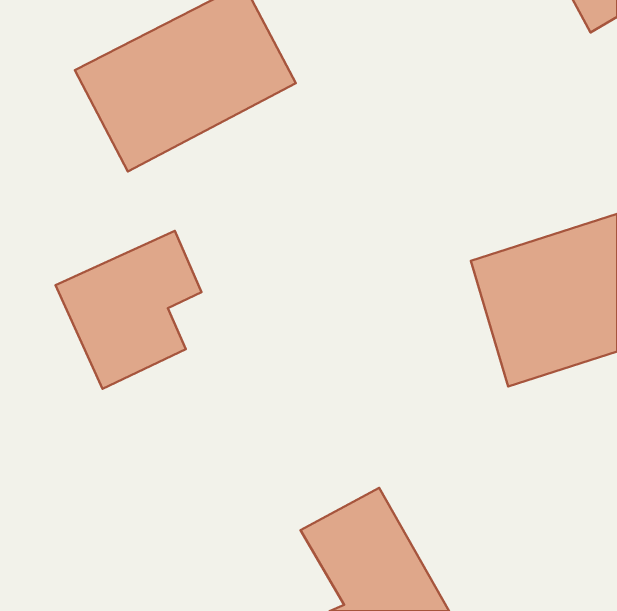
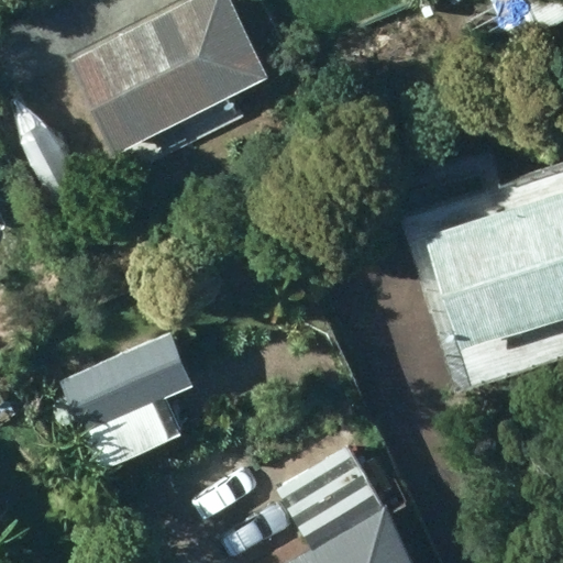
building: [55,231,202,389] -> [62,328,195,472]

